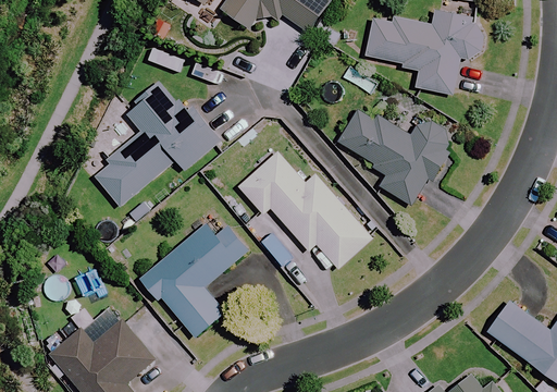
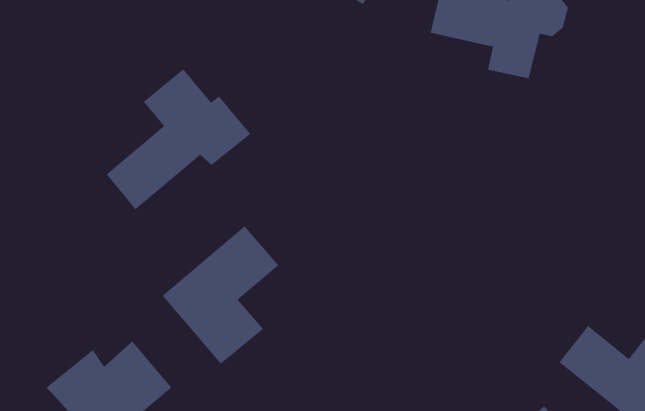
building: [343,108,454,205] -> none
building: [238,154,372,270] -> none

